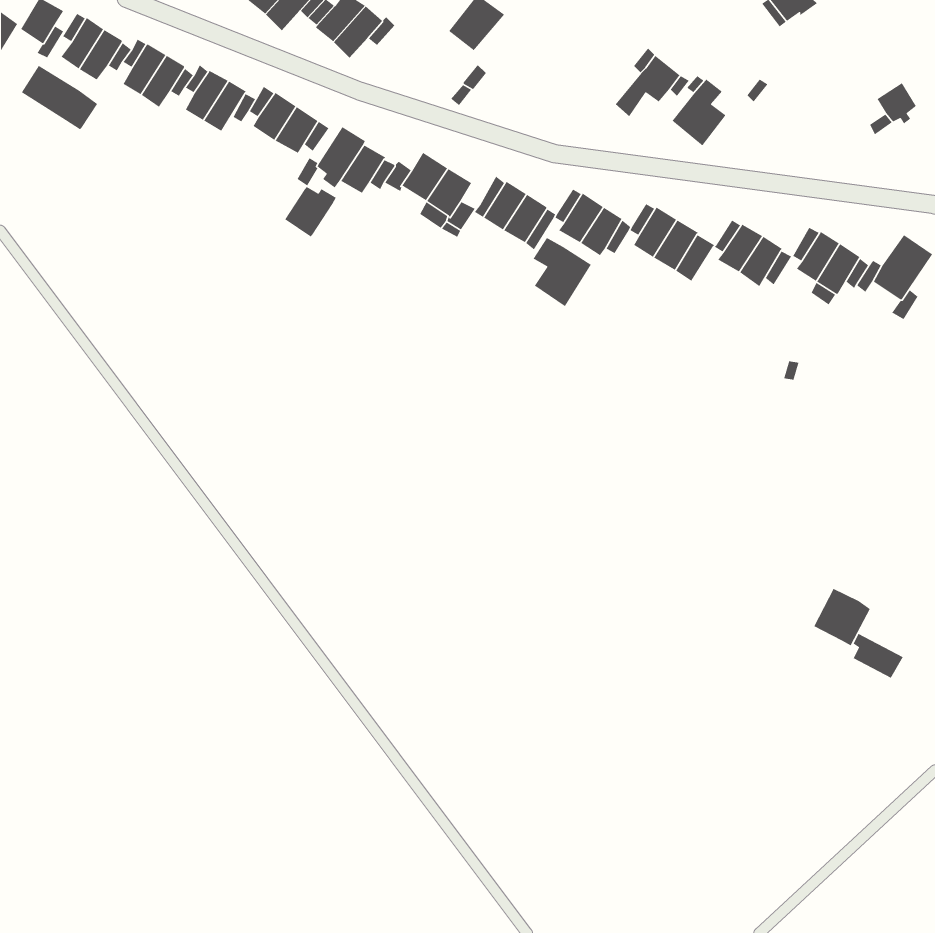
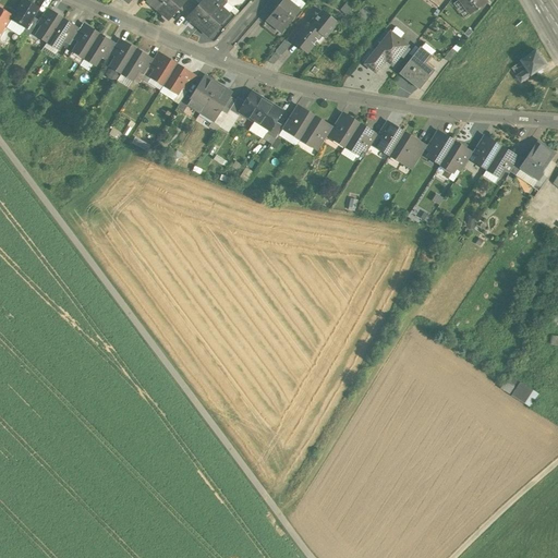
building: none -> [292,11,336,52]
building: [21,65,98,130] -> none
building: [284,186,337,237] -> none
building: [532,237,592,307] -> none
building: [813,588,871,646] -> none

